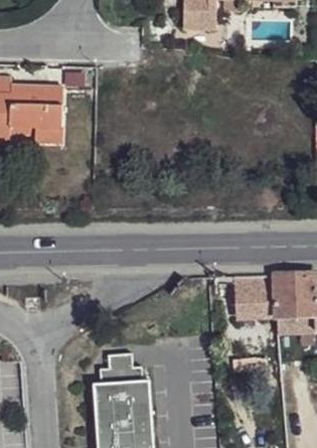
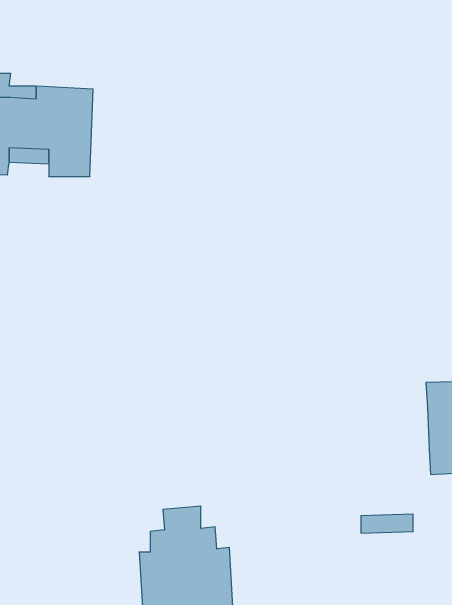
building: [233,275,275,318] -> none

